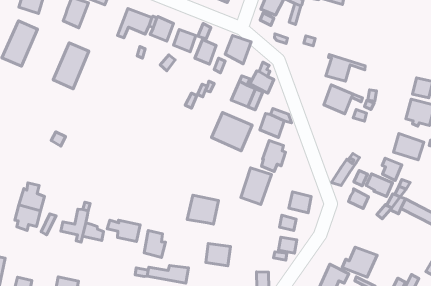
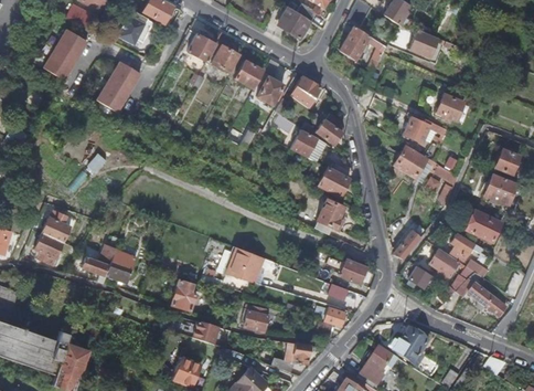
building: none -> [437,95,463,123]
building: [211,113,252,151] -> none
building: [241,168,271,204] -> none
building: [107,220,140,241] -> none

